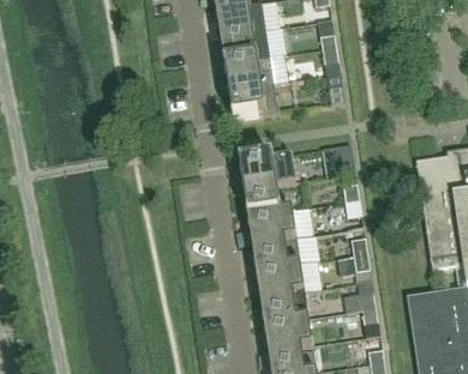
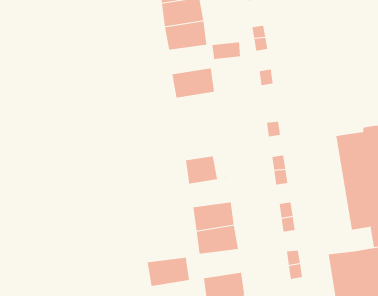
building: [226,56,275,90] -> none
building: [240,152,296,188] -> none
building: [248,209,298,242] -> none
building: [260,290,310,324] -> [147,257,190,286]

